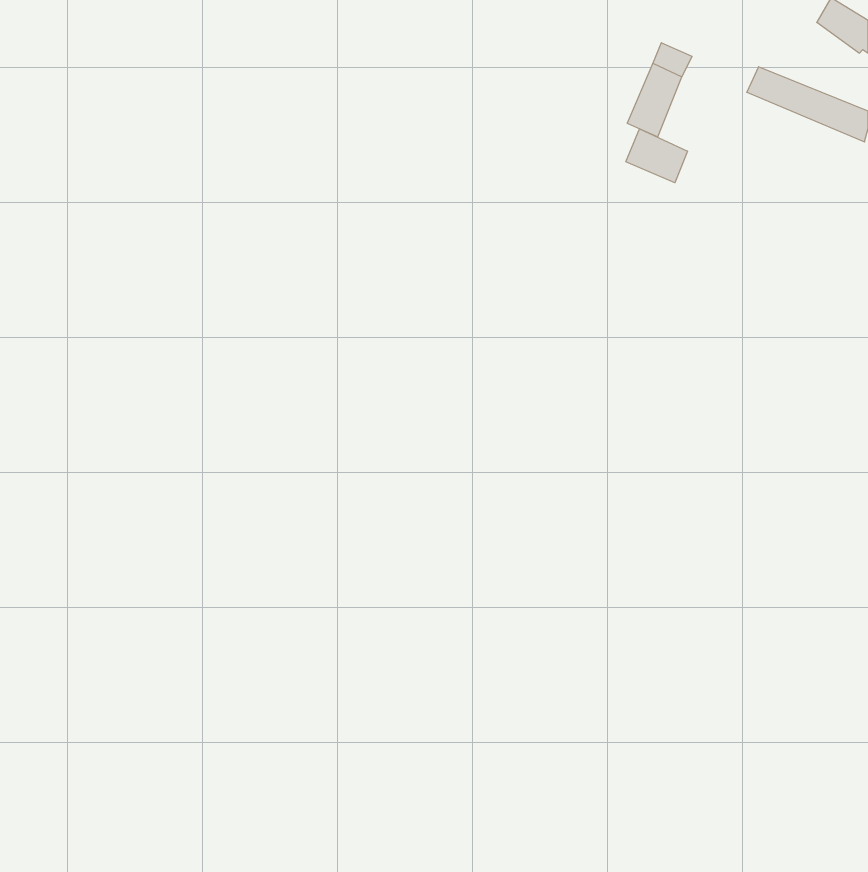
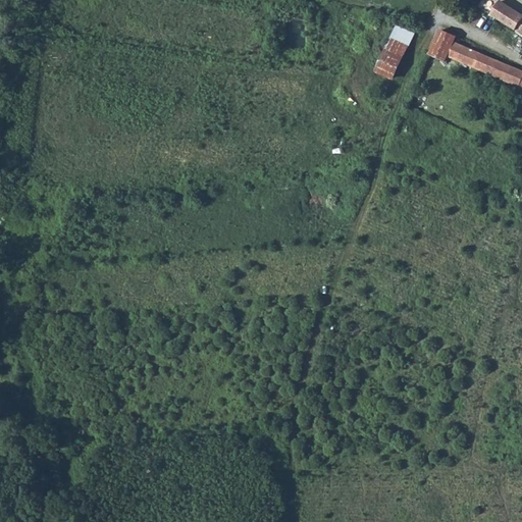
building: none -> [428,28,455,58]
building: [626,129,687,183] -> none

